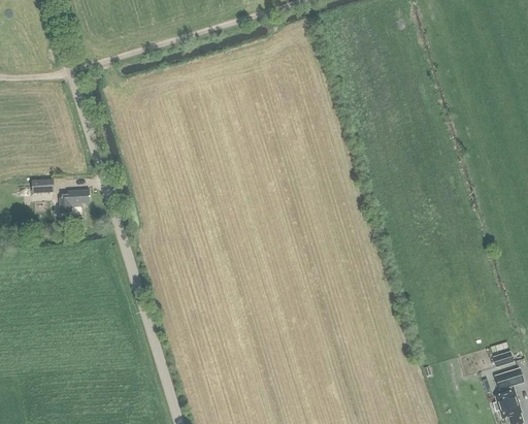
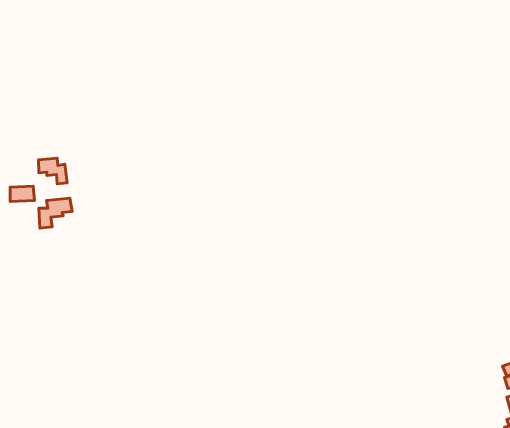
building: none -> [38,158,67,184]

